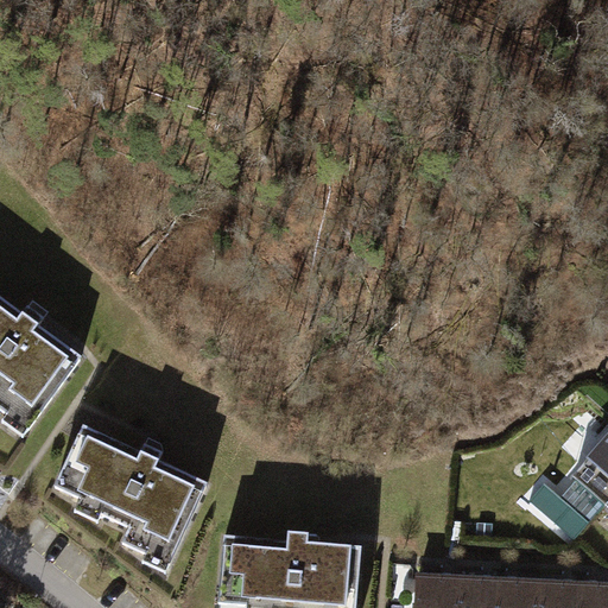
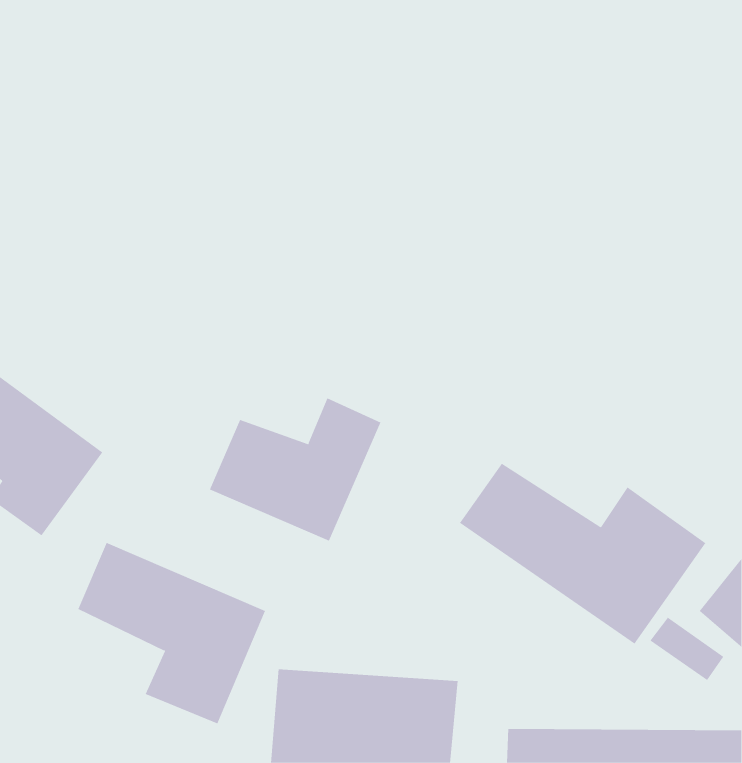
building: none -> [209,397,381,541]
building: none -> [459,463,706,645]

